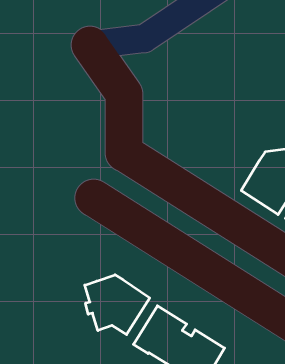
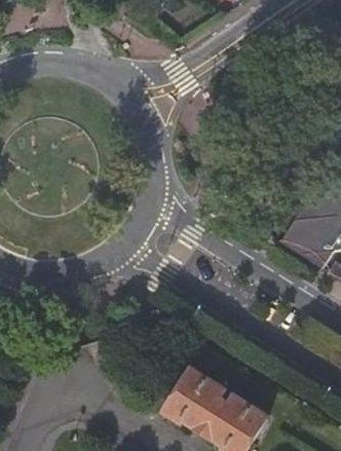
building: [85,275,150,335] -> none

